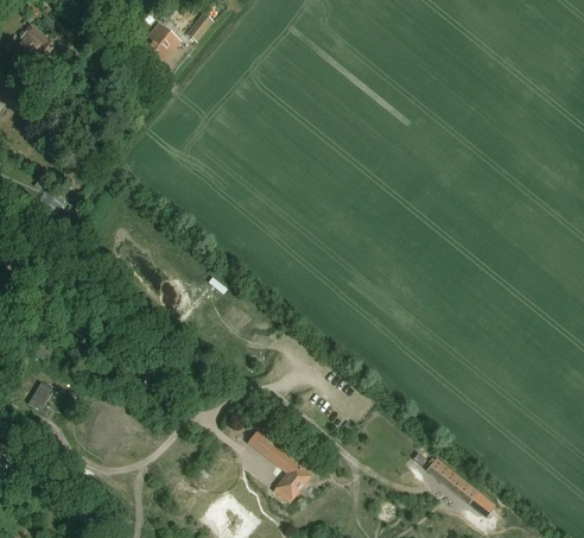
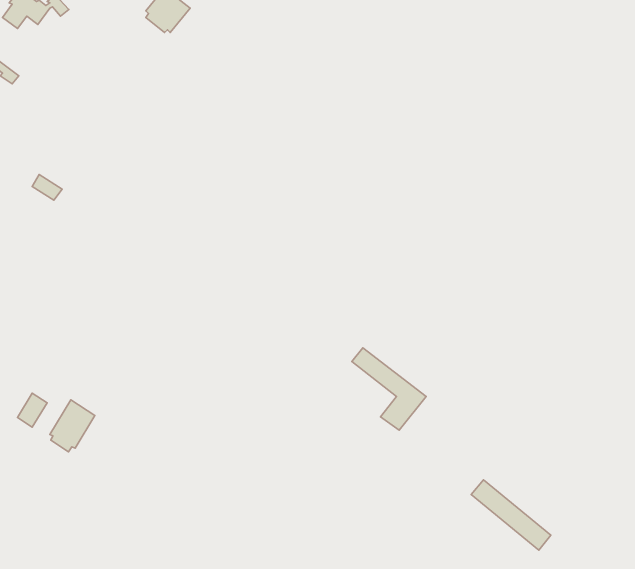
building: none -> [50,400,95,452]
building: [248,430,313,502] -> [352,348,426,430]

